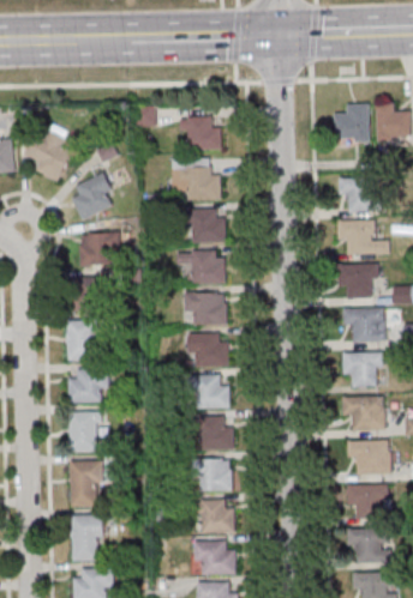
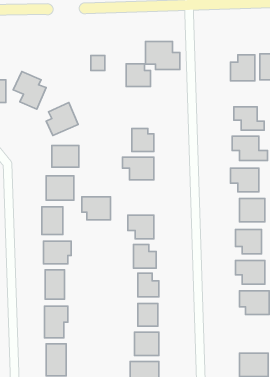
building: [172,158,221,198] -> [145,42,180,69]
building: [186,291,227,324] -> [82,197,110,220]
building: [346,484,384,519] -> none

